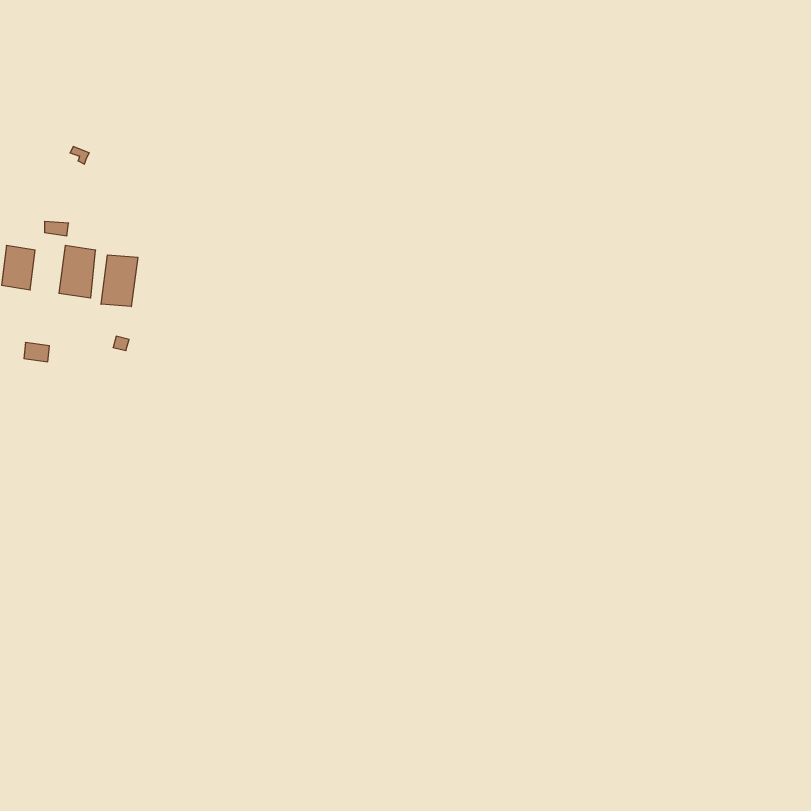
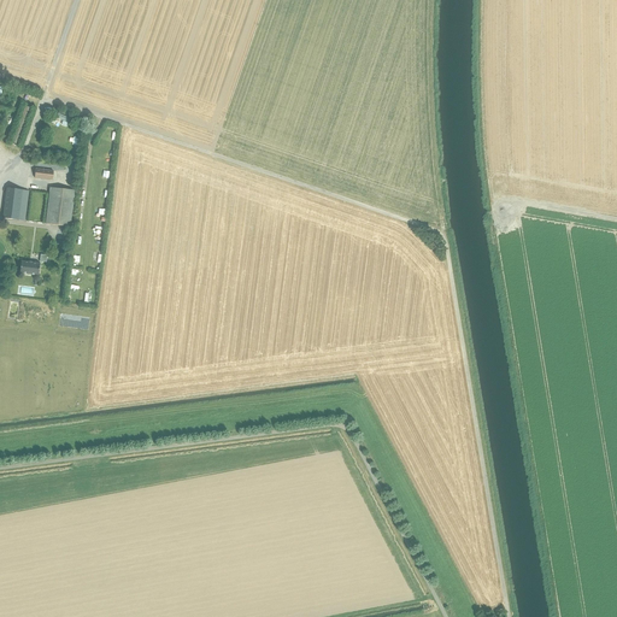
building: [101,255,138,307] -> none

